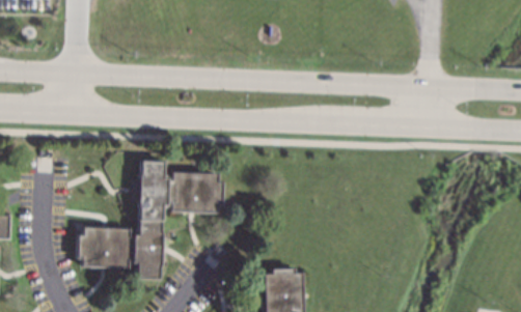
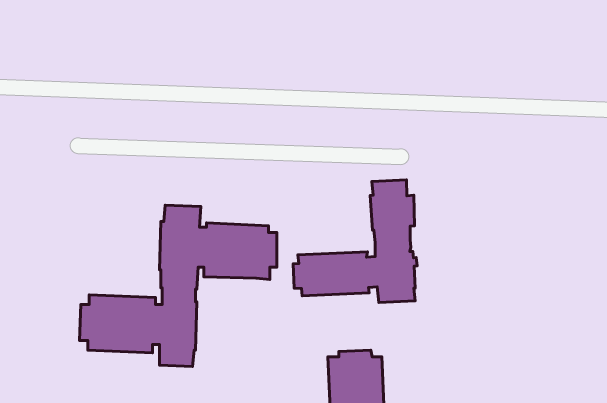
building: none -> [293,180,417,303]

